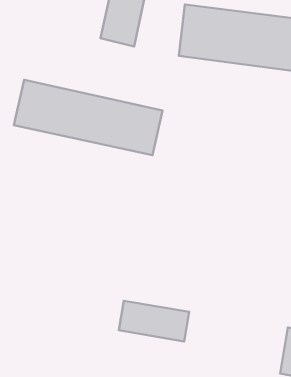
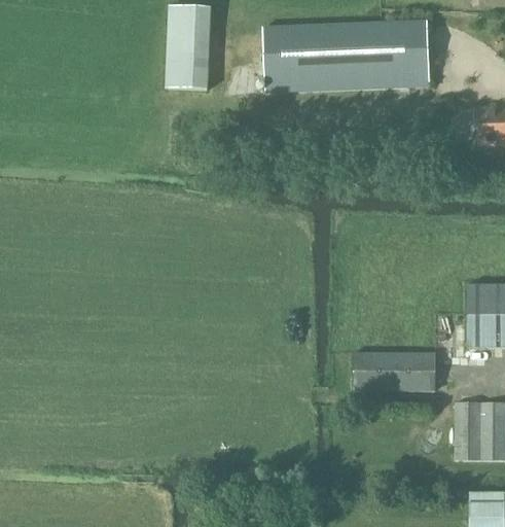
building: [14,80,163,155] -> none
building: [119,301,189,341] -> [353,352,435,389]

